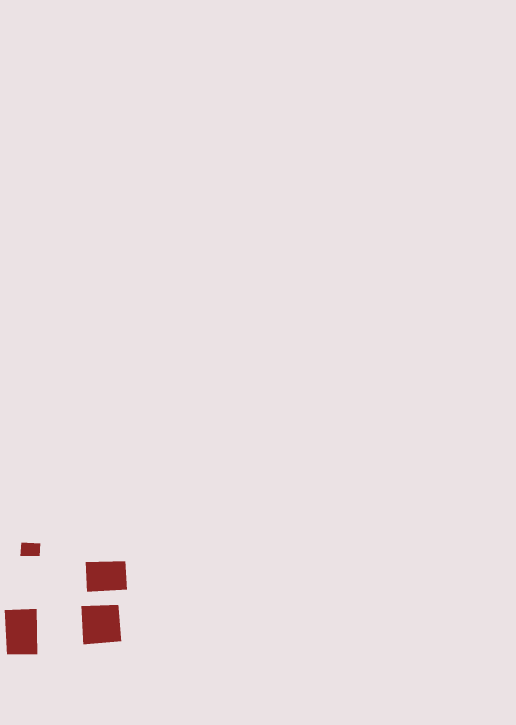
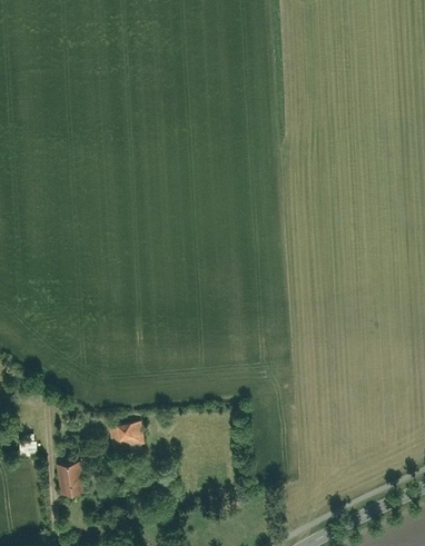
building: [81,604,122,645] -> none

